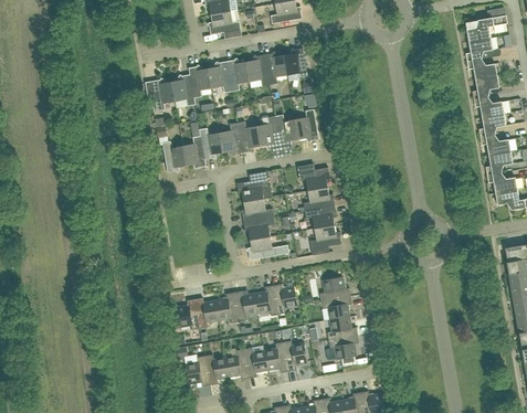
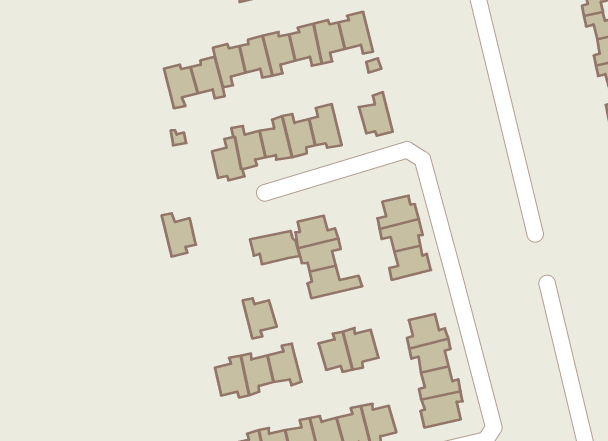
building: [275,114,299,146] -> none
building: [162,140,187,172] -> [162,213,196,256]
building: [298,167,330,190] -> none
building: [236,178,273,201] -> [250,231,300,264]
building: [234,290,259,320] -> [243,298,277,338]

